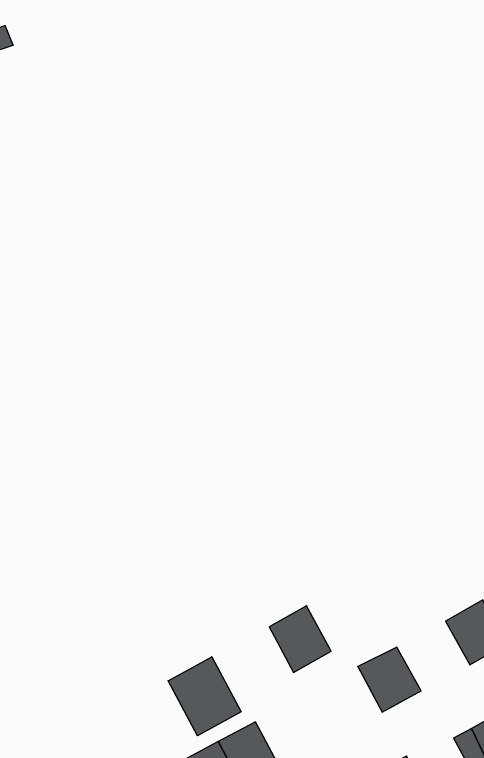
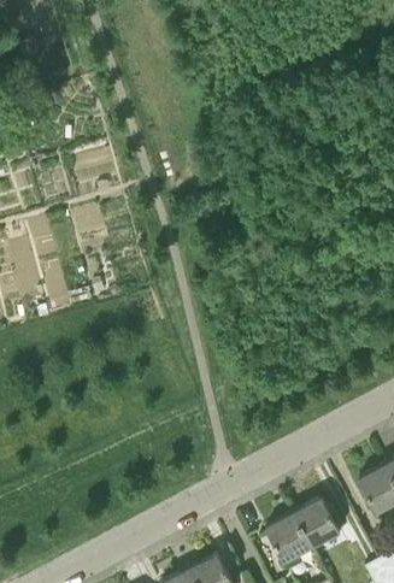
building: [269,606,331,672] -> [265,513,311,563]
building: [168,657,241,736] -> none

